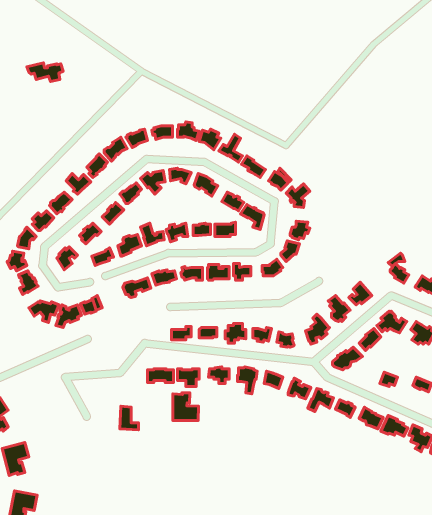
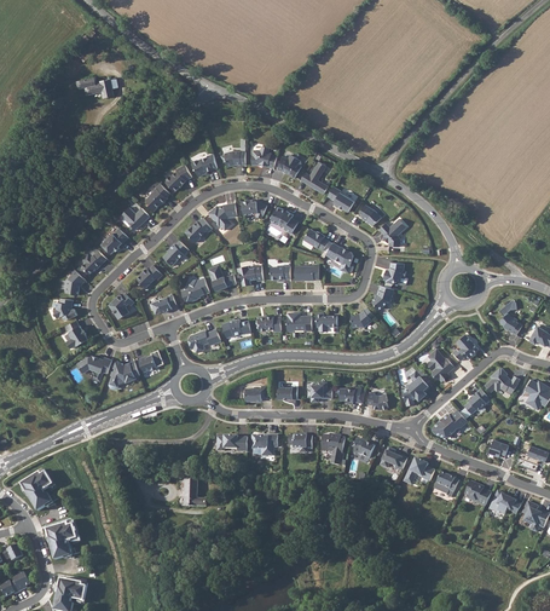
building: [173,393,199,421] -> none

